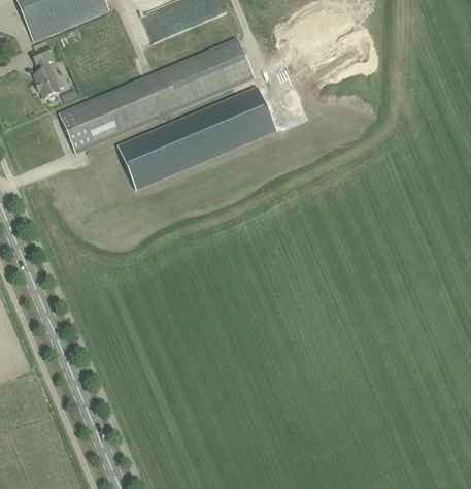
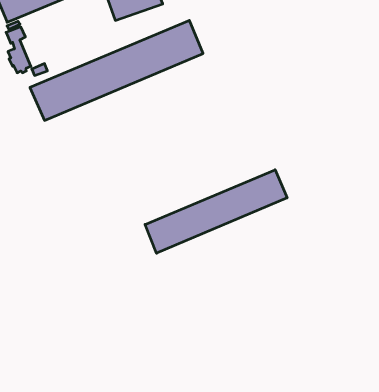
building: [117,87,275,188] -> none
building: none -> [145,170,287,253]

